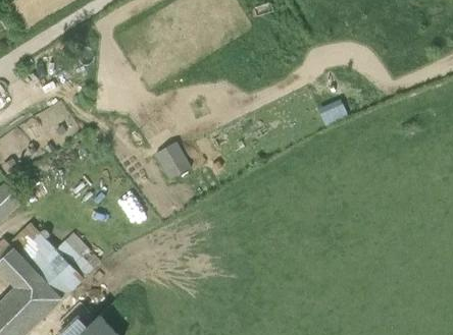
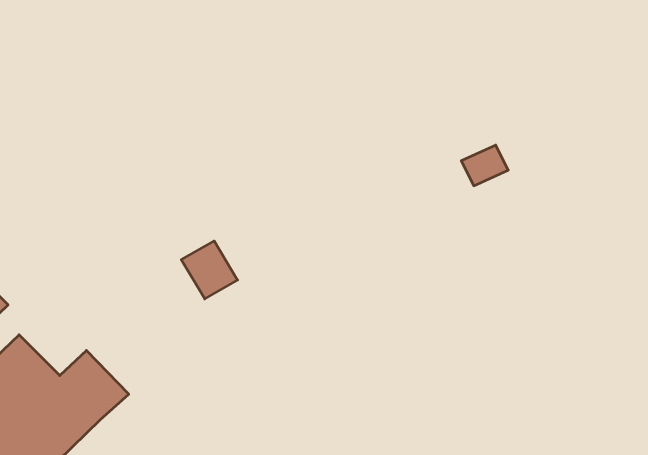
building: [153,141,190,178] -> [181,241,238,299]

